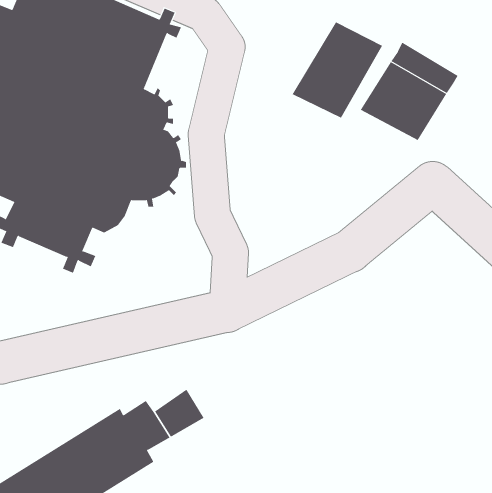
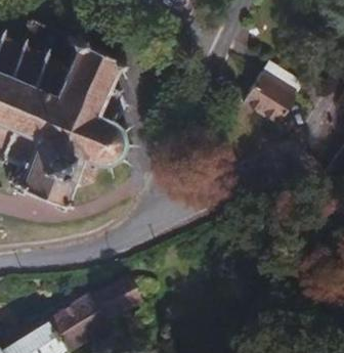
building: [292,22,383,119] -> none

